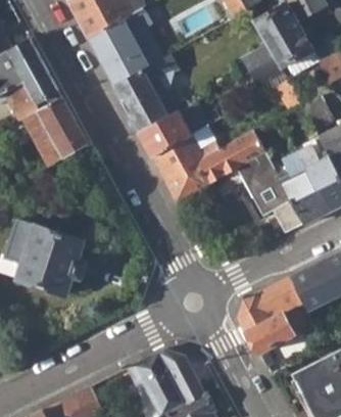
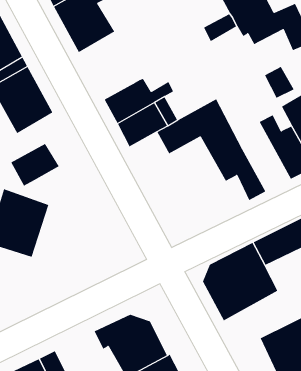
building: [112,57,173,133] -> none
building: [278,155,326,226] -> none
building: [163,166,203,203] -> none
building: none -> [10,143,59,187]

